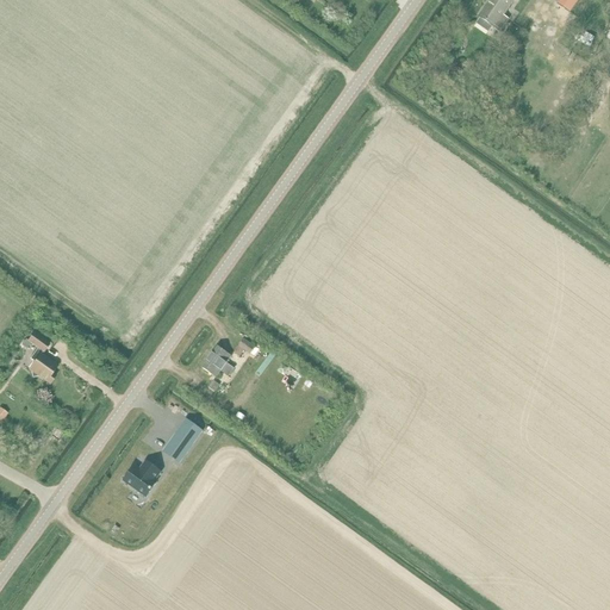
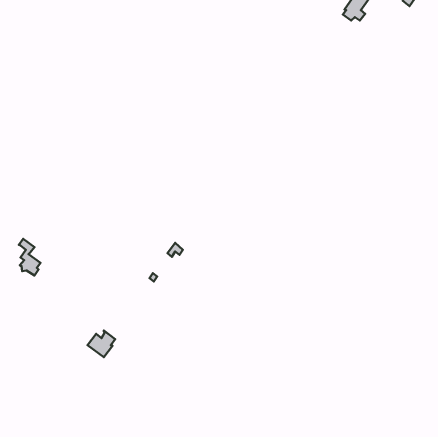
building: [200,346,232,376] -> none
building: [162,417,201,462] -> none

